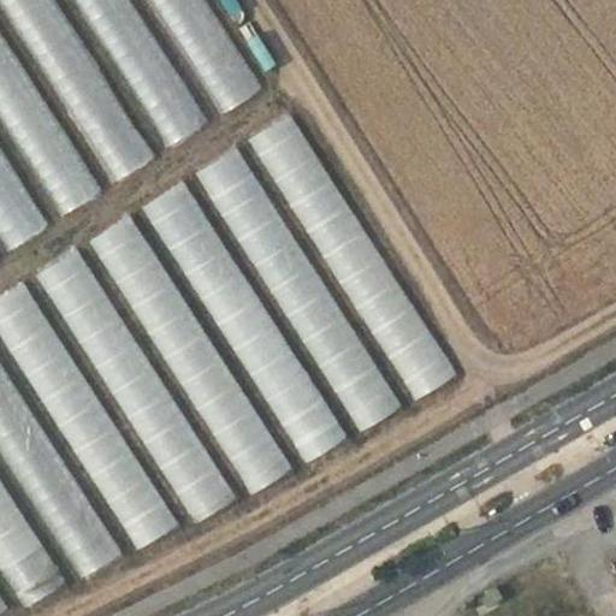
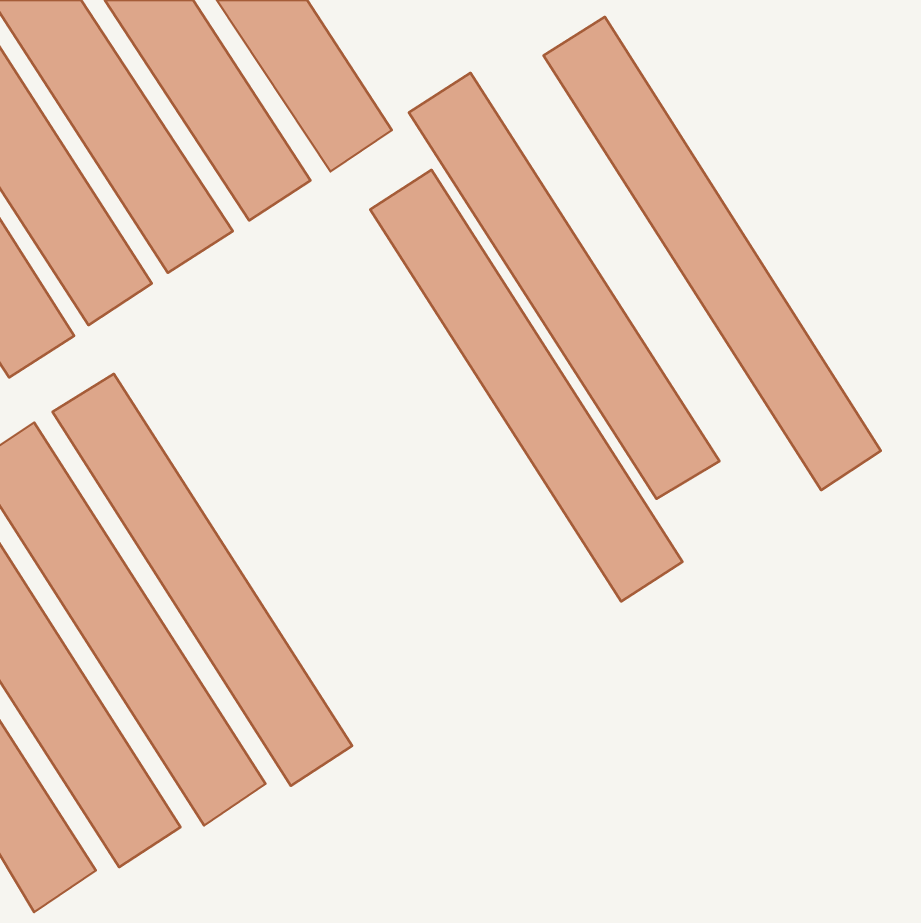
building: none -> [543,17,881,490]
building: [194,147,401,431] -> [409,73,720,499]
building: [141,180,346,463] -> none
building: [88,215,292,494] -> none

